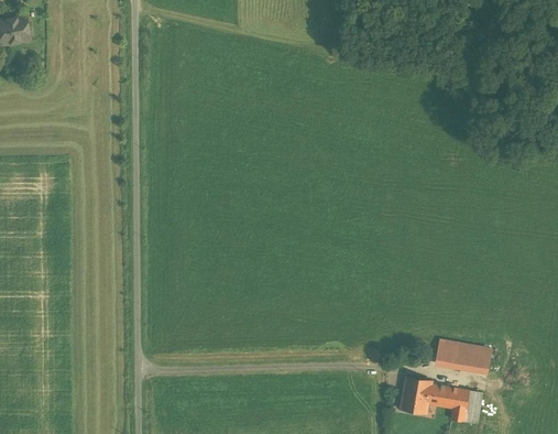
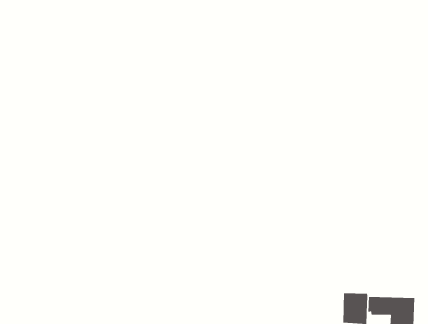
building: [435,340,491,375] -> none

